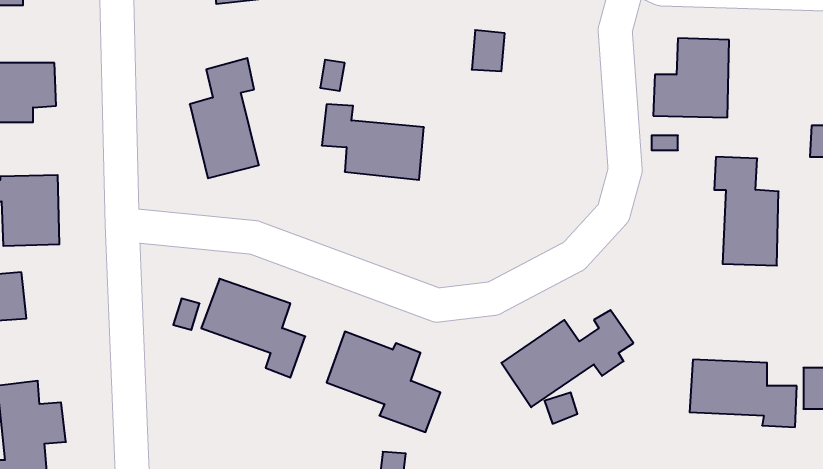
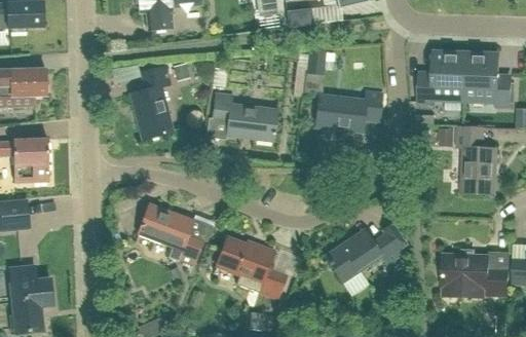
building: none -> [465,53,513,104]
building: none -> [314,89,382,134]

